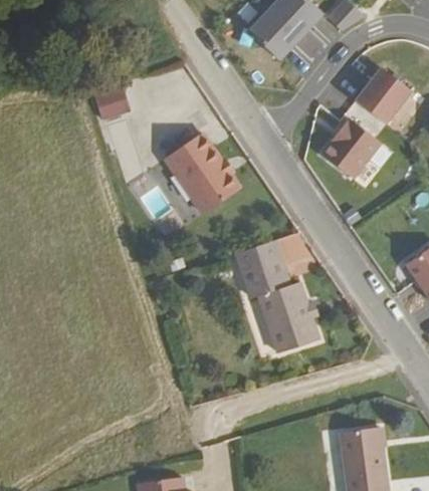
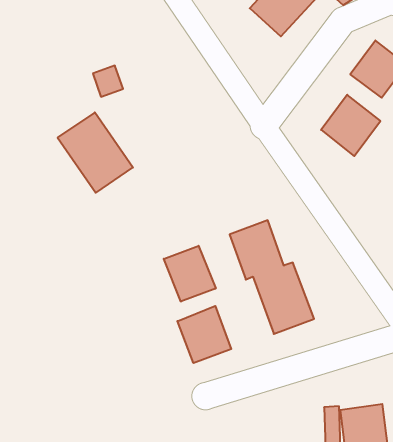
building: [167,133,242,213] -> [58,112,133,193]
building: none -> [164,246,216,302]
building: none -> [177,306,231,363]

